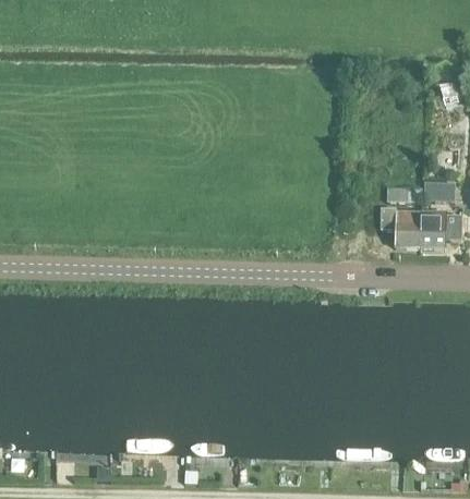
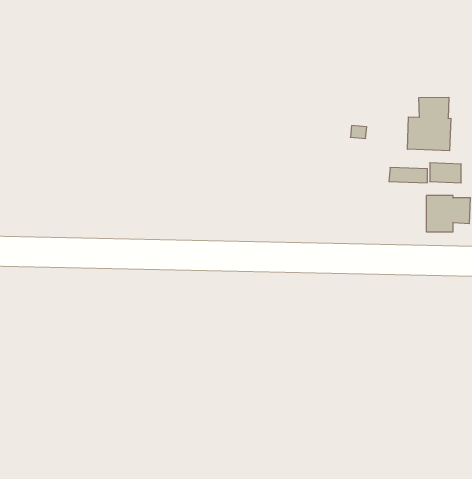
building: none -> [407,97,451,151]
building: [381,208,421,247] -> none

